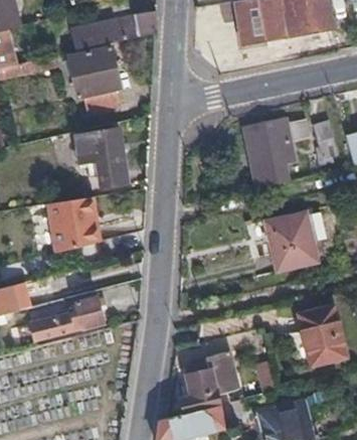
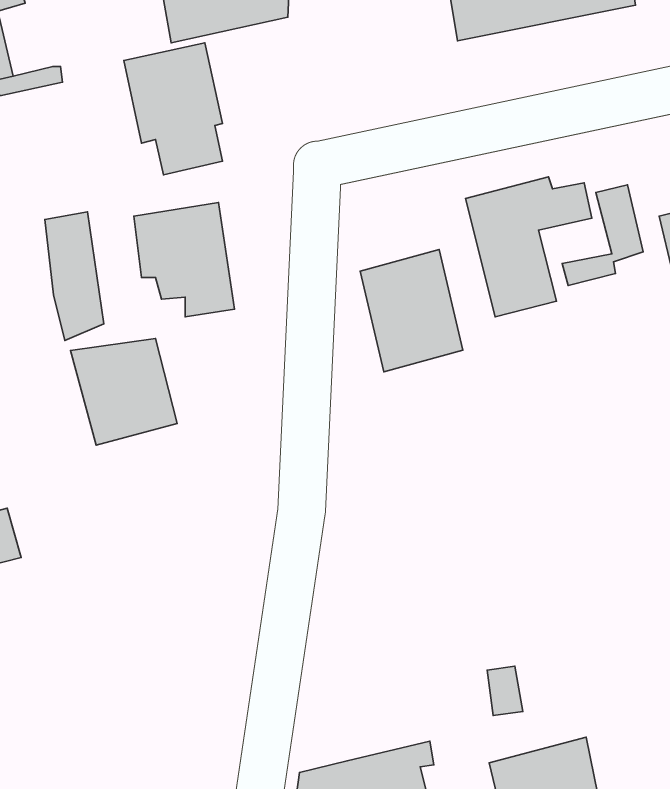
building: none -> [45,212,104,340]
building: [265,211,318,274] -> [360,250,463,372]
building: [31,295,104,340] -> none
building: [297,306,344,364] -> none
building: [181,350,238,413] -> none

